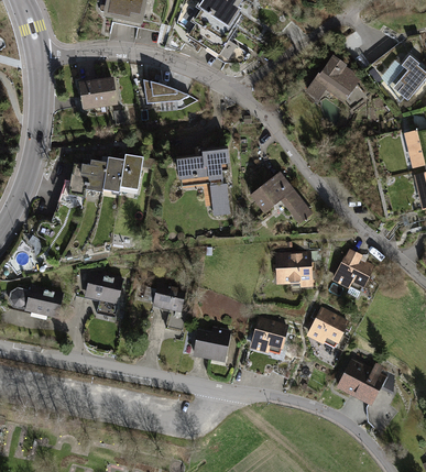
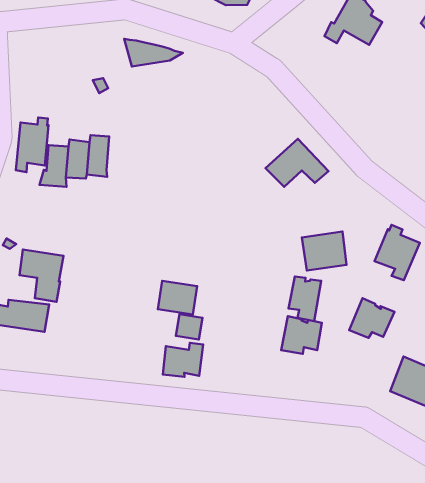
building: [79,79,116,107] -> none
building: none -> [16,117,49,172]
building: [177,145,229,213] -> none
building: [119,153,142,189] -> none
building: [85,272,122,317] -> [20,250,63,302]
building: none -> [289,276,321,321]
building: [194,329,229,356] -> [163,343,203,377]

